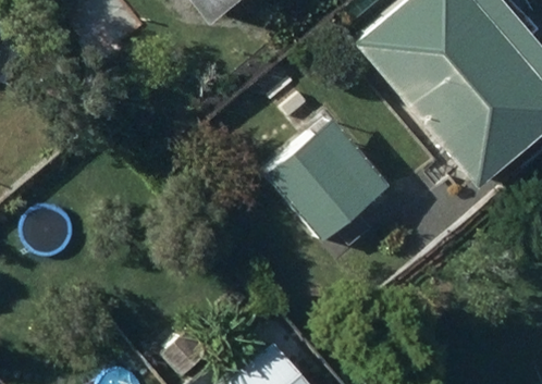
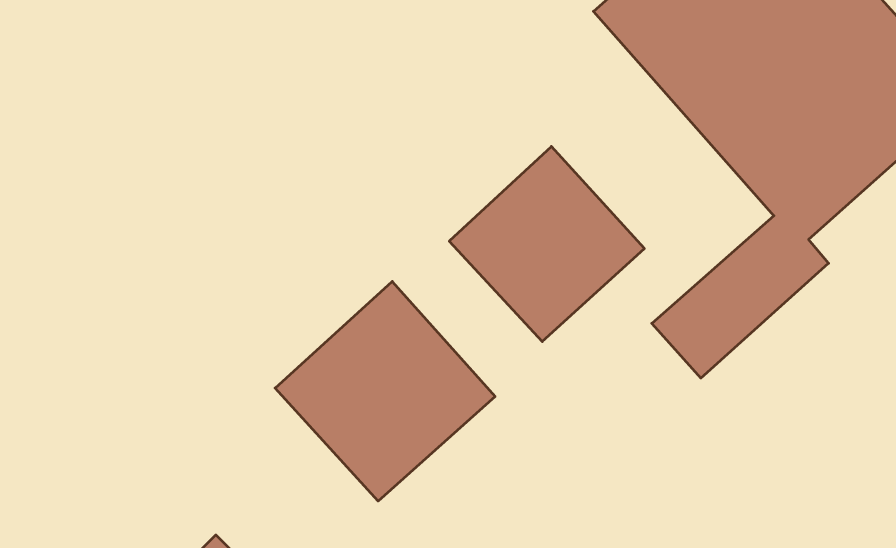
building: none -> [275,281,495,501]

